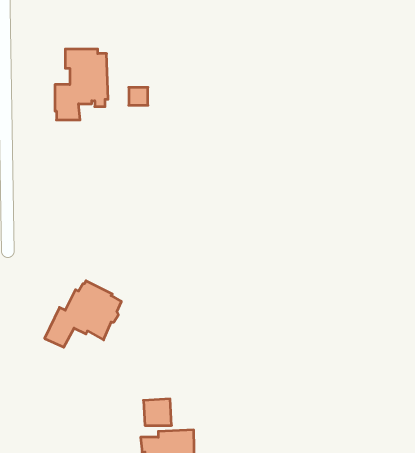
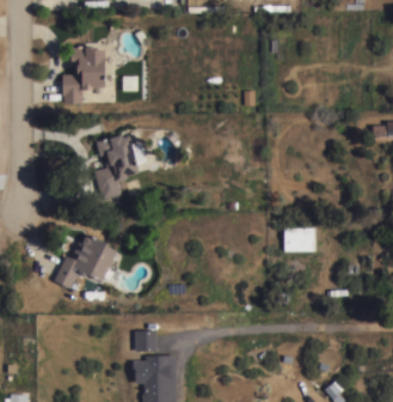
building: none -> [93,134,139,199]
building: none -> [283,227,314,251]

